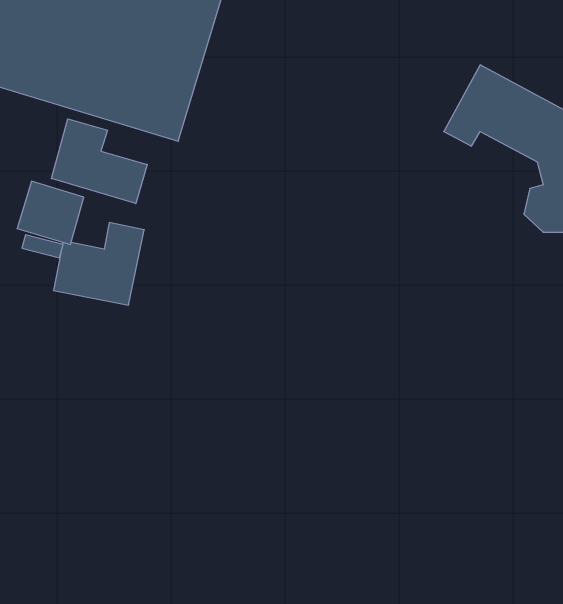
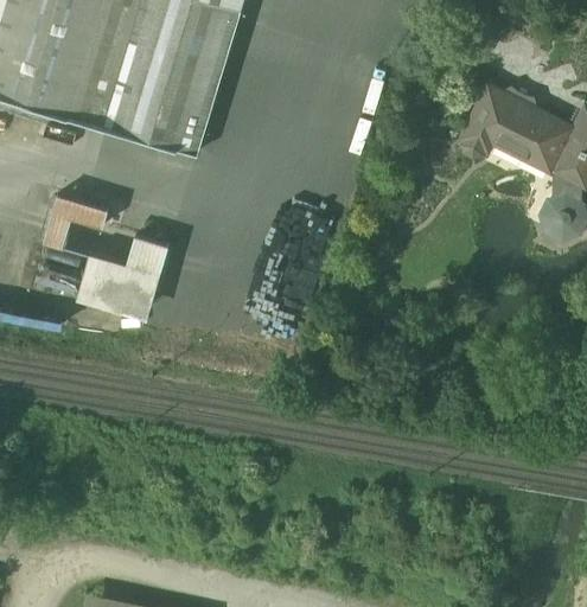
building: [51,119,147,204] -> none

